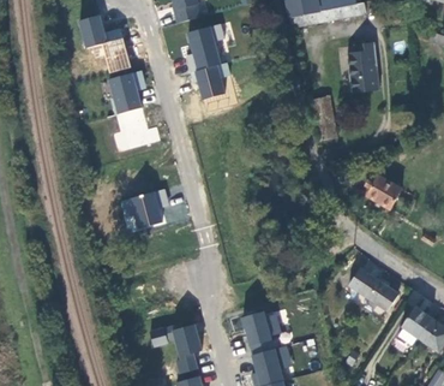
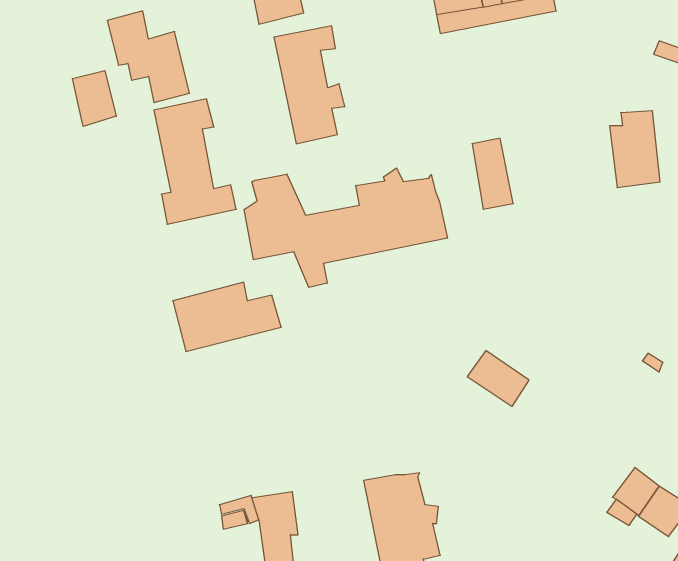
building: [346,43,378,93] -> [610,111,660,188]
building: none -> [72,71,116,126]
building: none -> [244,168,447,287]
building: [366,174,401,209] -> none
building: [358,274,397,310] -> [467,350,529,406]

